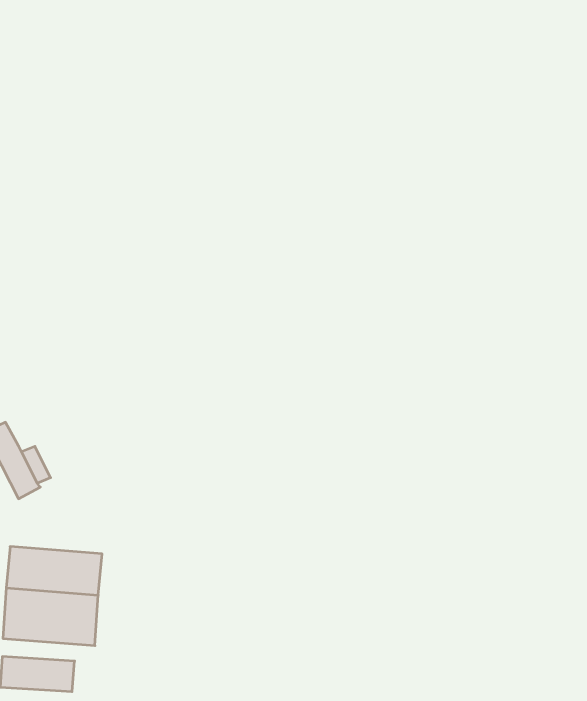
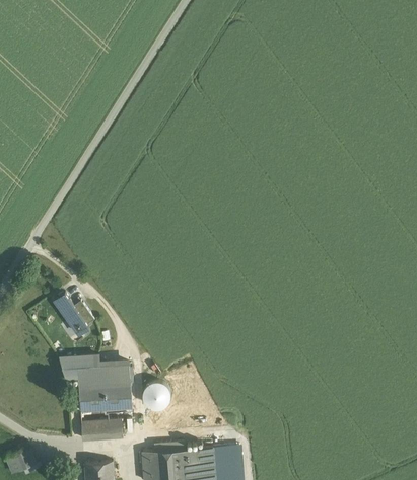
building: none -> [143,382,170,410]

